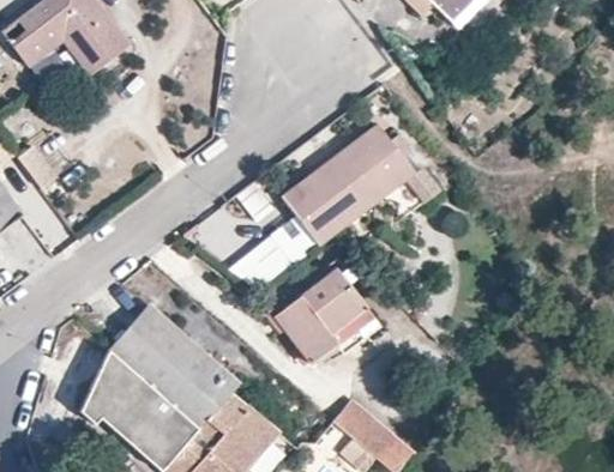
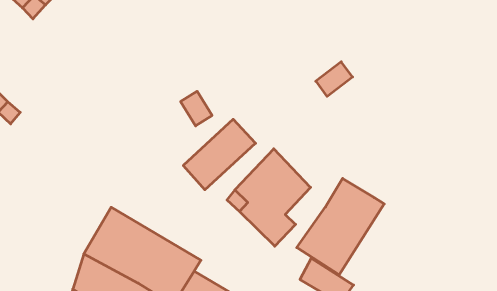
building: [283,123,416,244] -> none
building: none -> [297,178,384,275]

